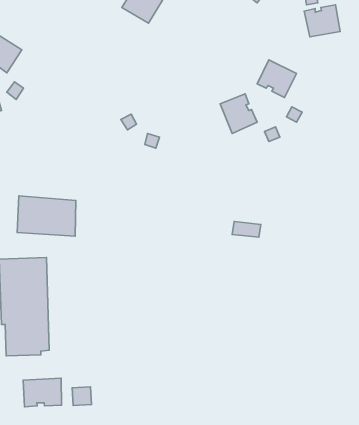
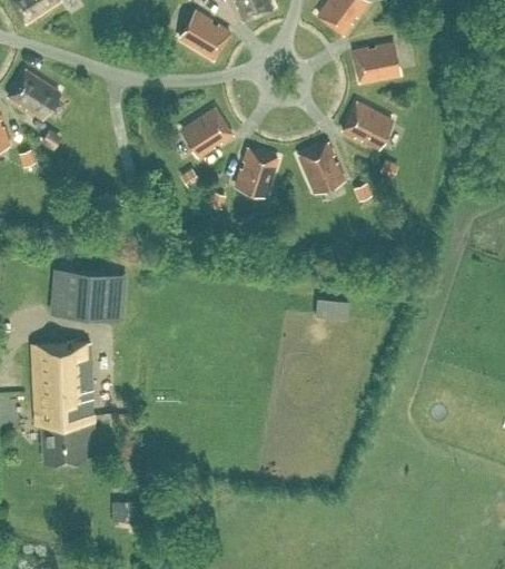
building: [304,5,340,37] -> [355,42,398,81]
building: none -> [182,108,231,156]
building: none -> [235,149,278,195]
building: [23,378,61,407] -> none

